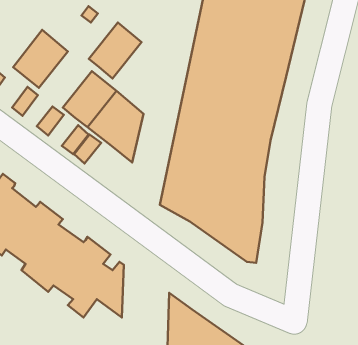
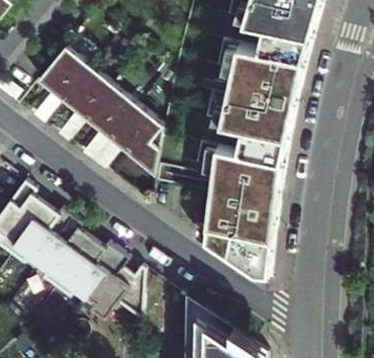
building: [89,23,142,79] -> [61,65,112,119]

